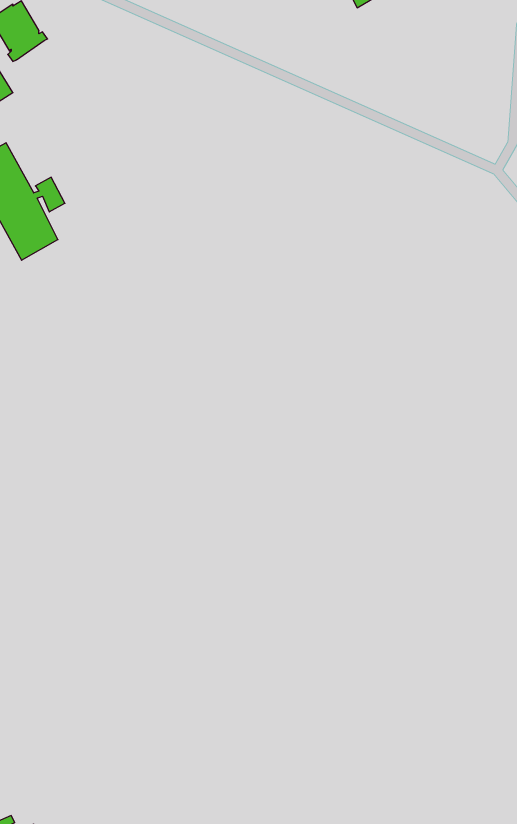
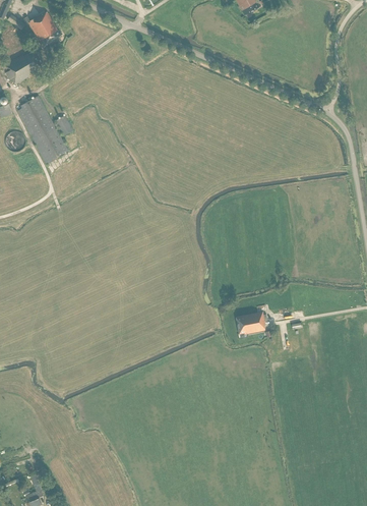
building: none -> [236,311,267,333]

